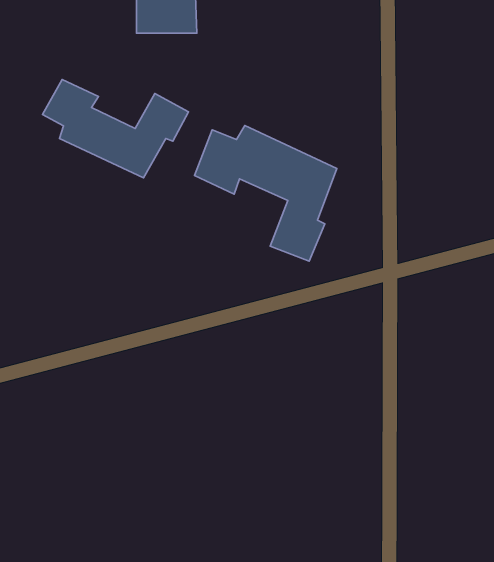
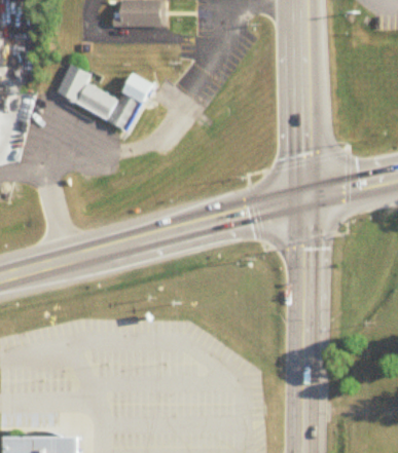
building: [195,126,337,261] -> none

